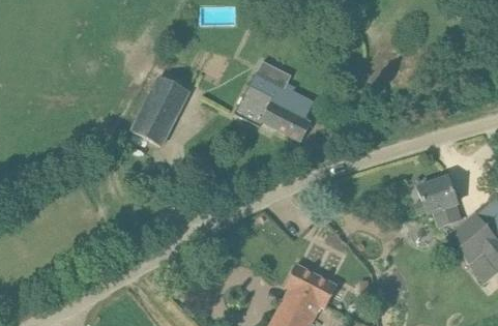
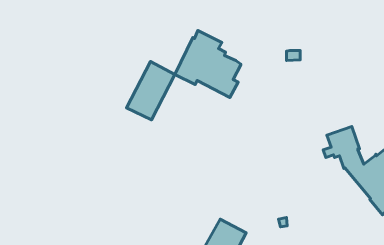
building: [131,76,189,146] -> [127,62,175,120]
building: [286,266,338,308] -> none

